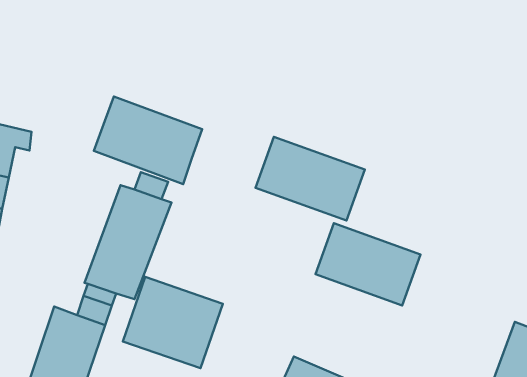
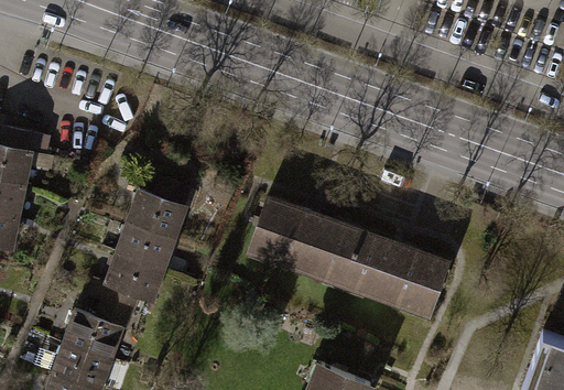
building: [94,97,202,184] -> none
building: [256,137,365,220] -> [245,196,356,281]
building: [123,277,223,368] -> none

